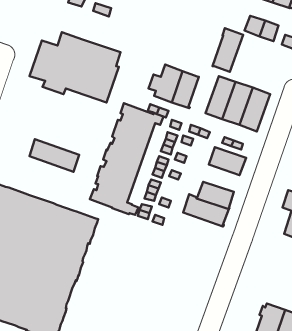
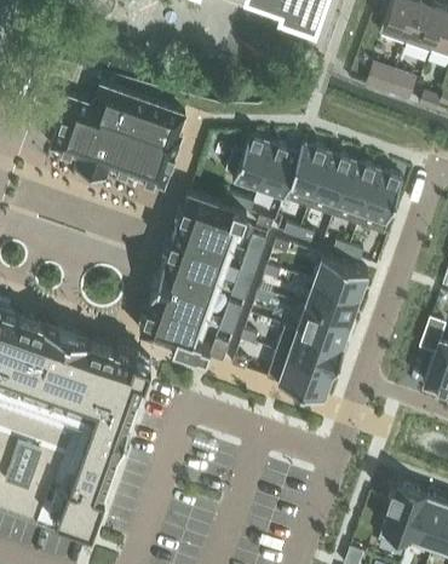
building: [213,28,243,72] -> [285,142,329,206]
building: [29,139,79,172] -> none
building: none -> [306,281,360,321]
building: none -> [268,351,335,397]

